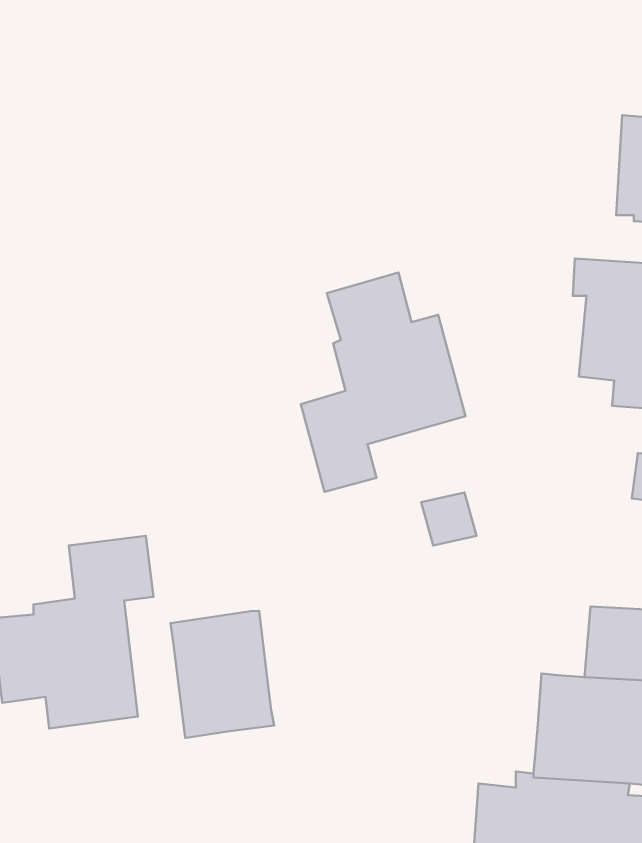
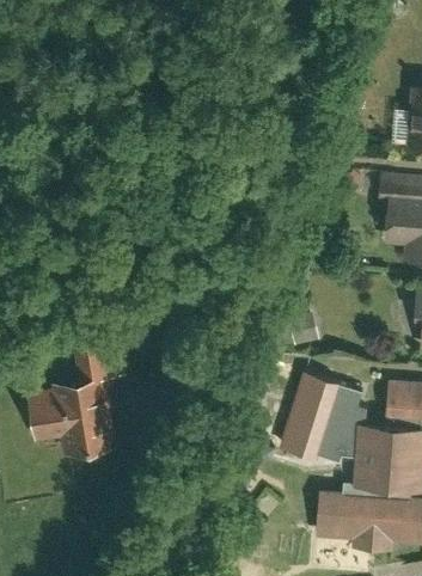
building: [301,272,466,492] -> none
building: none -> [283,374,371,462]
building: [170,611,274,738] -> none

